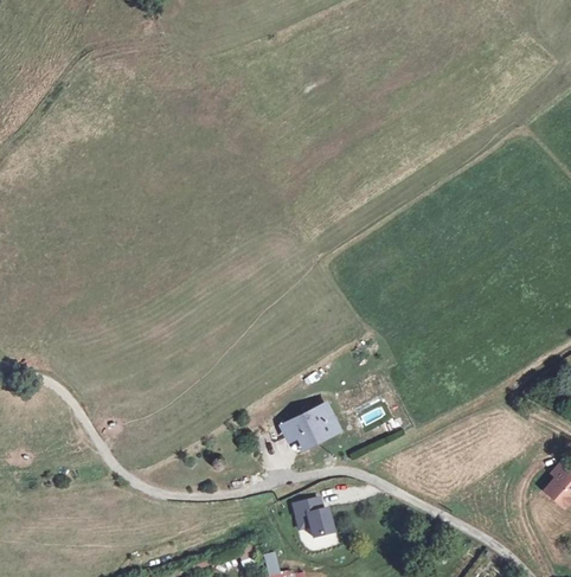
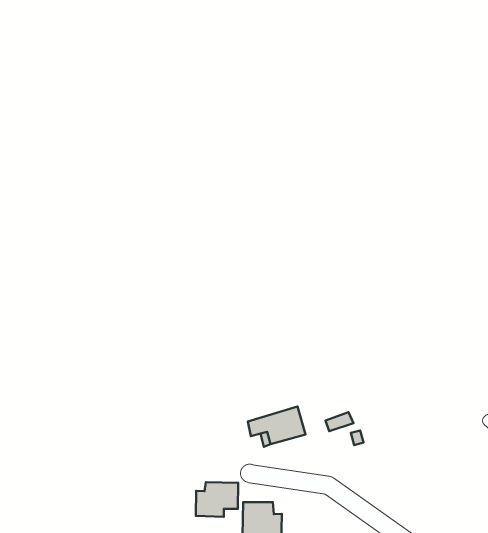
building: none -> [196,482,238,517]

